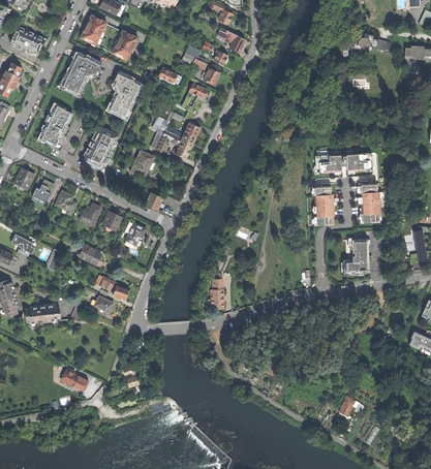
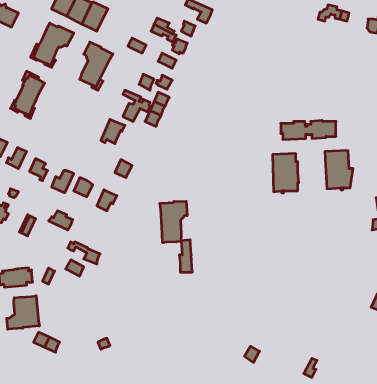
building: [84,126,119,170] -> none
building: none -> [160,201,187,243]
building: [343,239,370,275] -> none
building: none -> [7,296,39,329]

